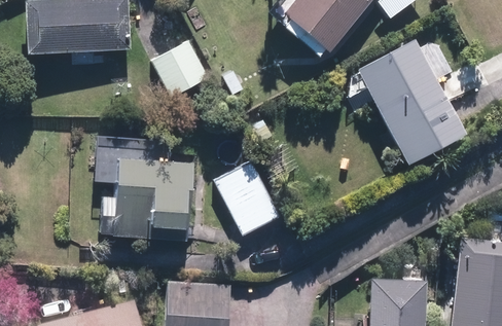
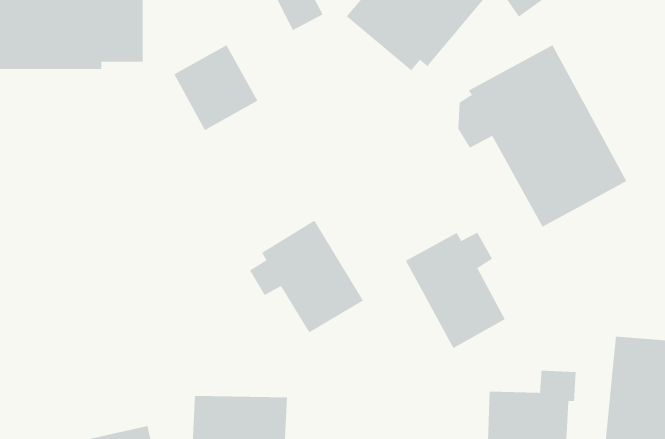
building: [94,135,193,252] -> none
building: none -> [405,232,506,349]

